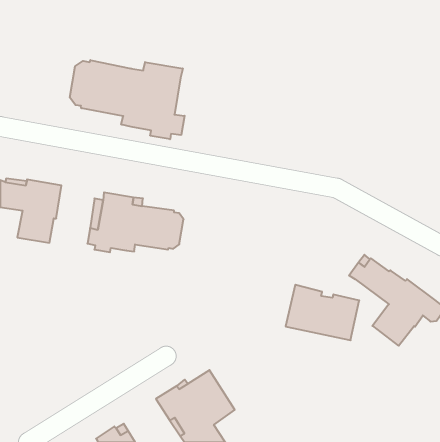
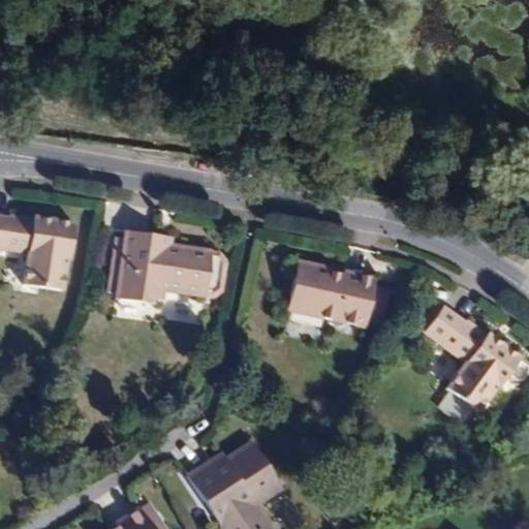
building: [70,60,185,139] -> none
building: [286,285,359,340] -> [288,260,376,326]

